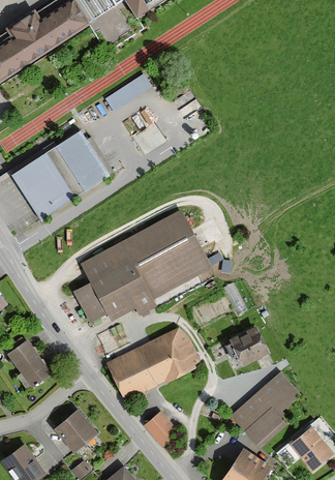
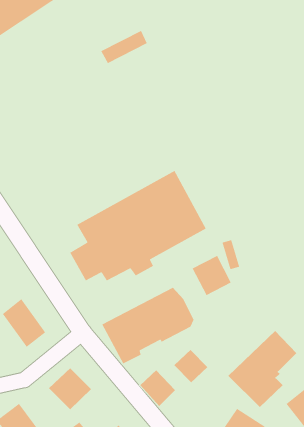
building: [9,130,114,221] -> none
building: [229,326,269,367] -> [192,255,232,296]
building: none -> [173,349,208,383]

